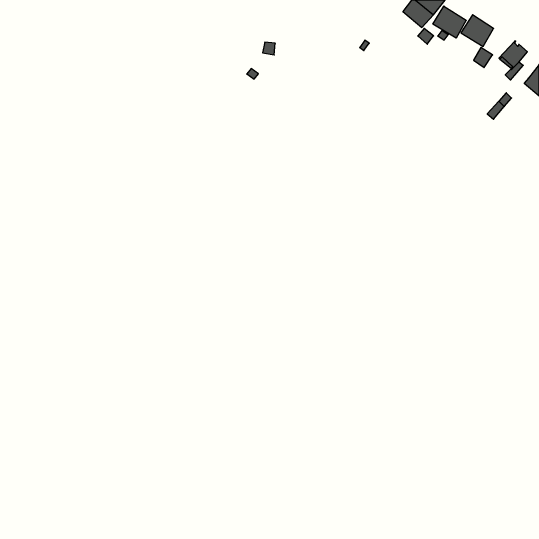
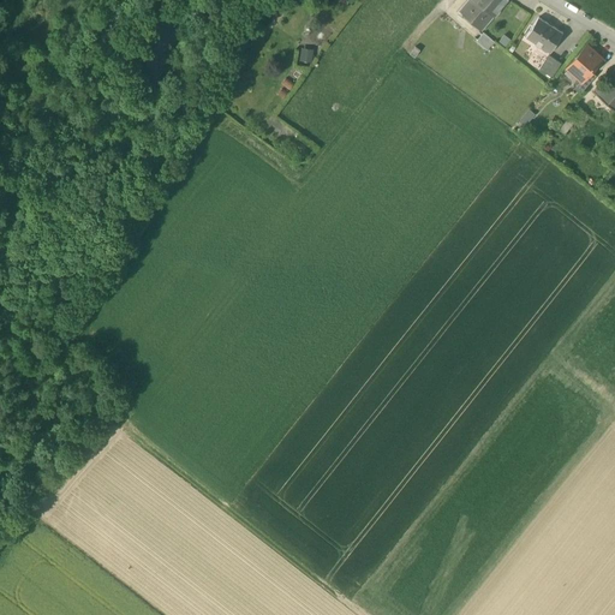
building: [433,6,466,38] -> none

